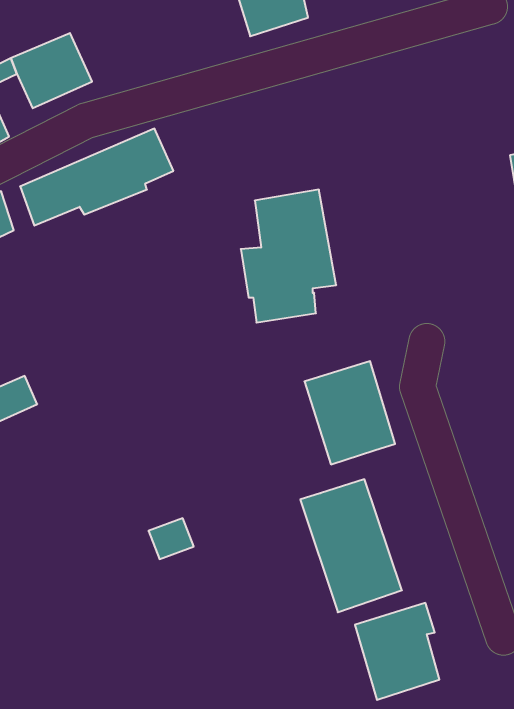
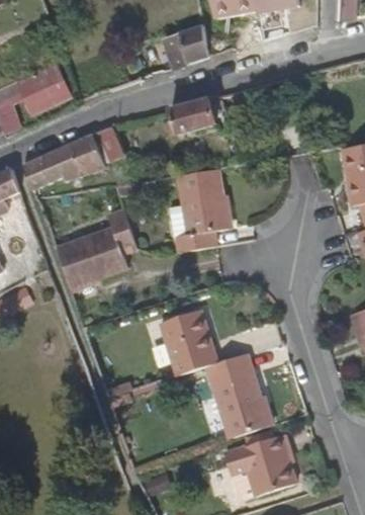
building: none -> [170,98,216,134]
building: none -> [55,206,136,289]
building: [304,361,395,464] -> [160,309,218,375]

